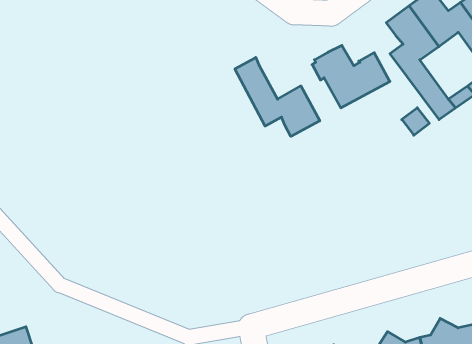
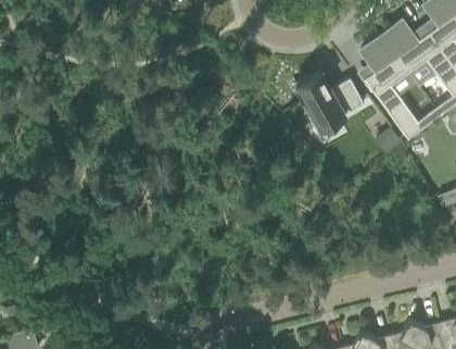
building: [235,57,320,136] -> none

